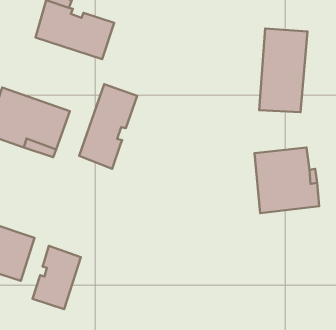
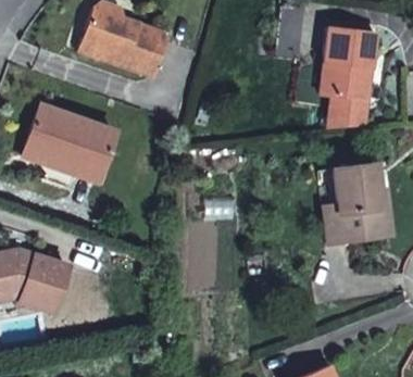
building: [79,84,137,169] -> none
building: [32,246,81,309] -> none

